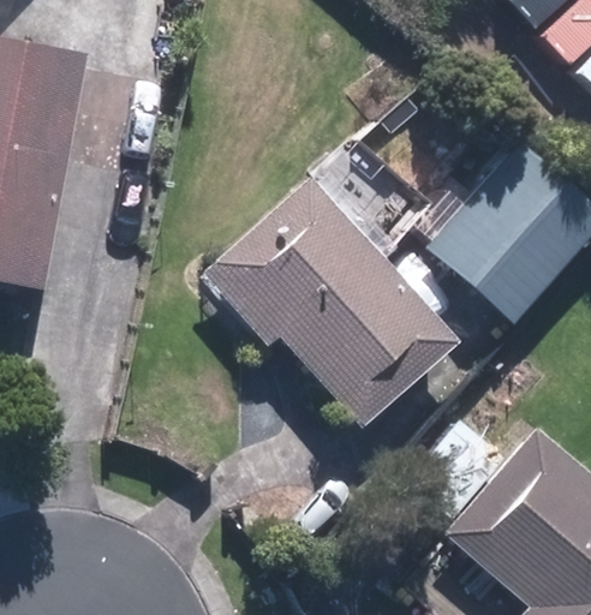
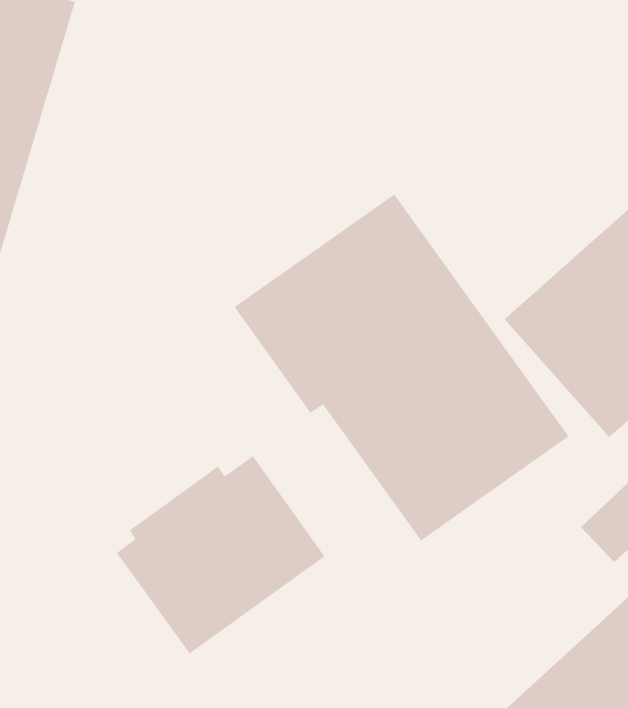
building: none -> [116,455,325,654]

